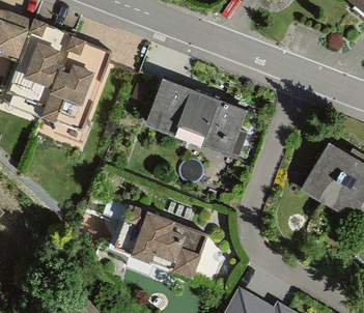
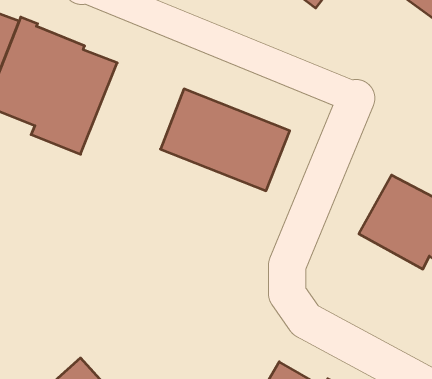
building: [108,202,206,280] -> none

